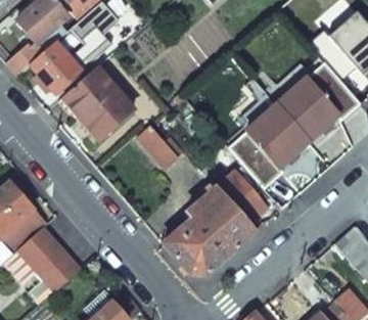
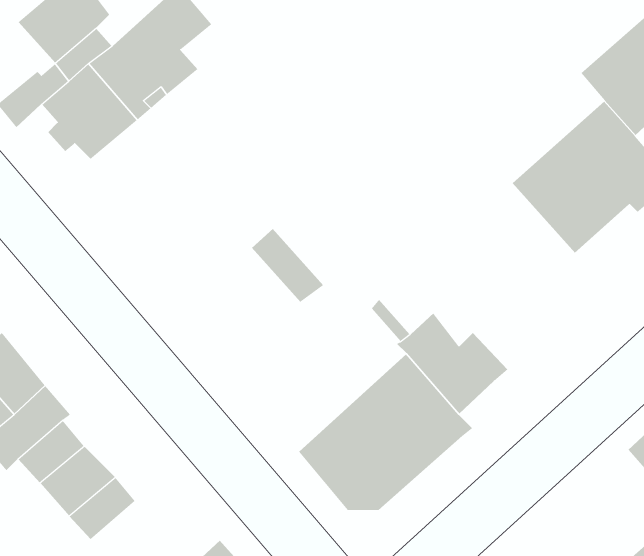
building: [62,67,133,140] -> none
building: [226,104,308,188] -> none

